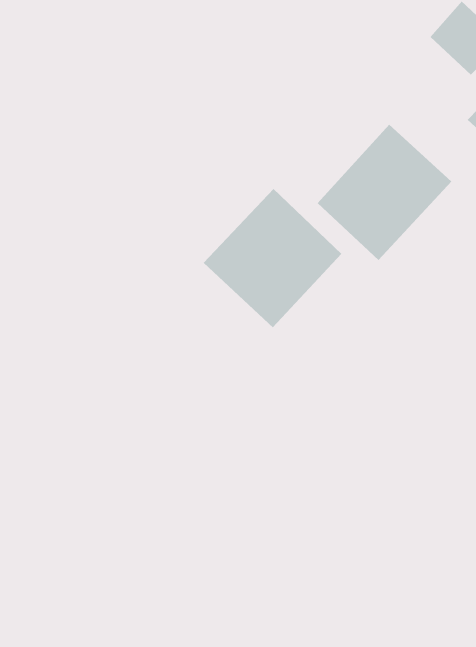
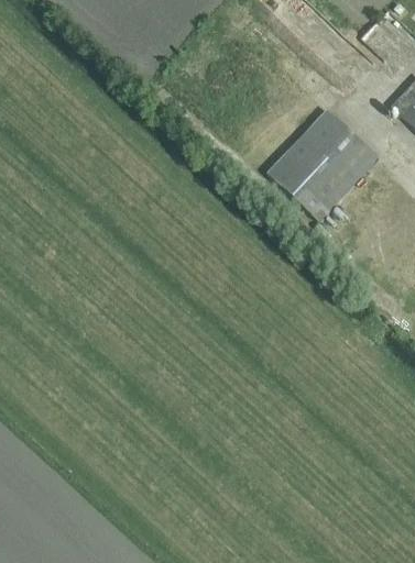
building: [203,188,342,328] -> none

